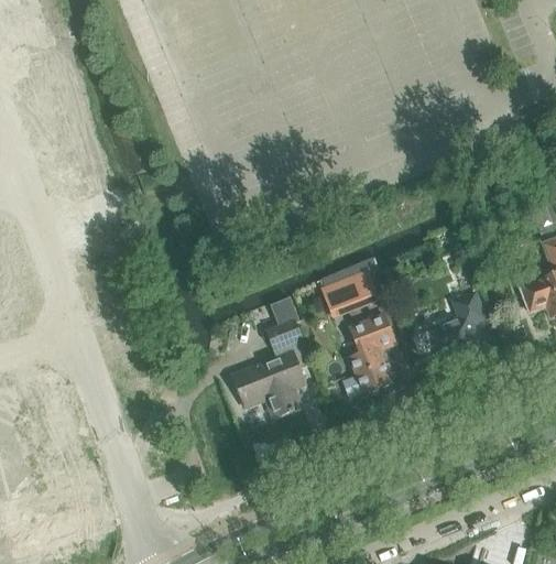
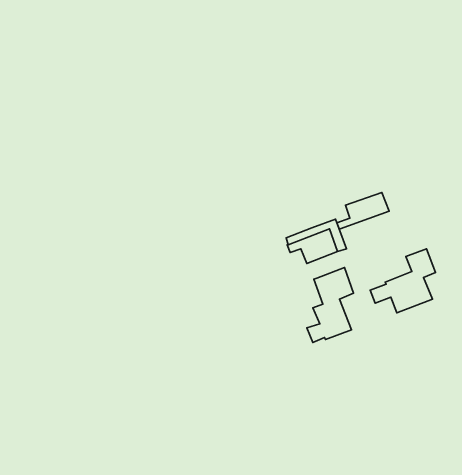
building: none -> [337,192,389,230]
building: [232,296,310,417] -> none

